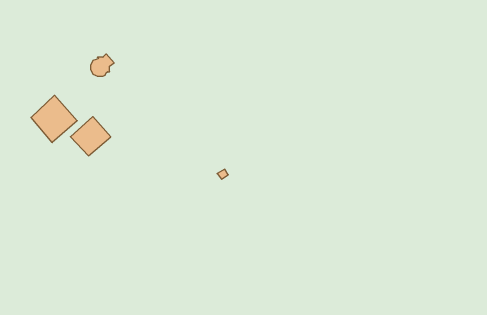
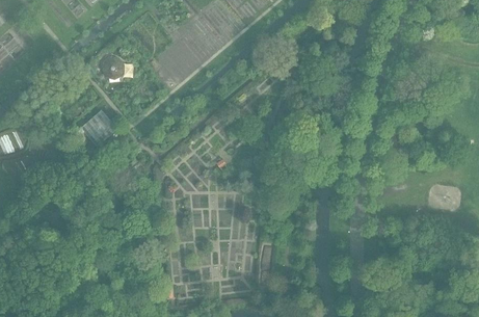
building: [31,95,77,143] -> none

